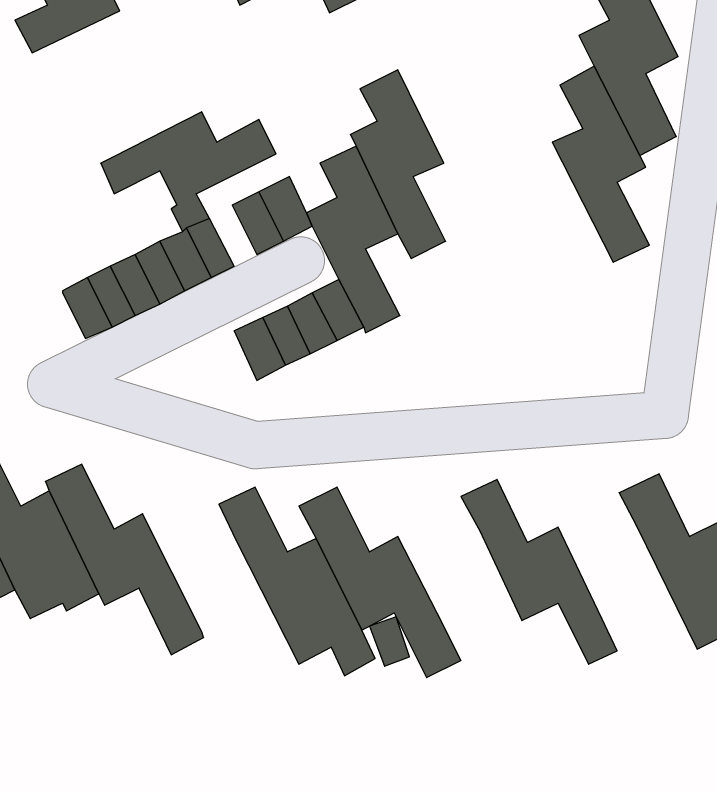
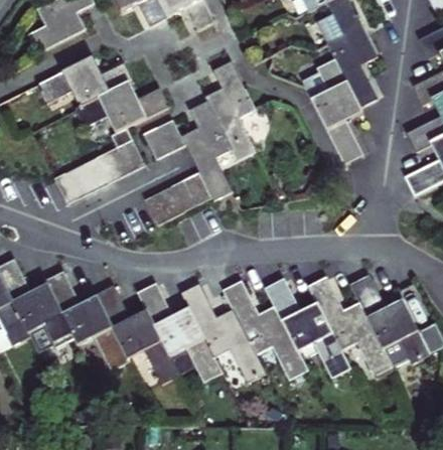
building: none -> [38,57,132,108]
building: none -> [306,276,389,374]
building: none -> [222,280,305,380]
building: none -> [94,284,178,384]

